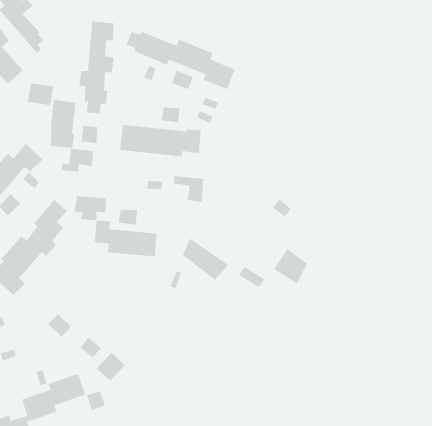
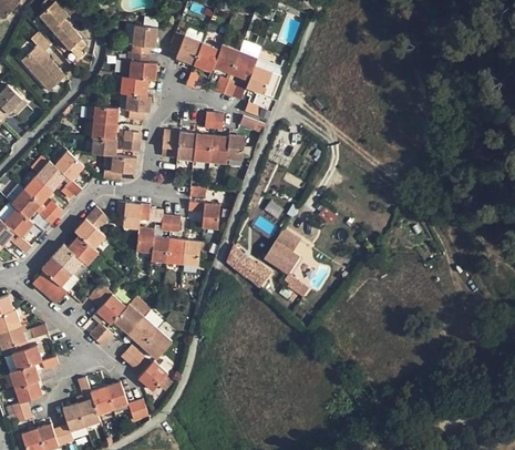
building: [27,83,54,106] -> none
building: [173,175,204,203] -> [188,202,219,229]
building: [273,248,308,284] -> [266,238,301,275]
building: none -> [89,283,172,358]

